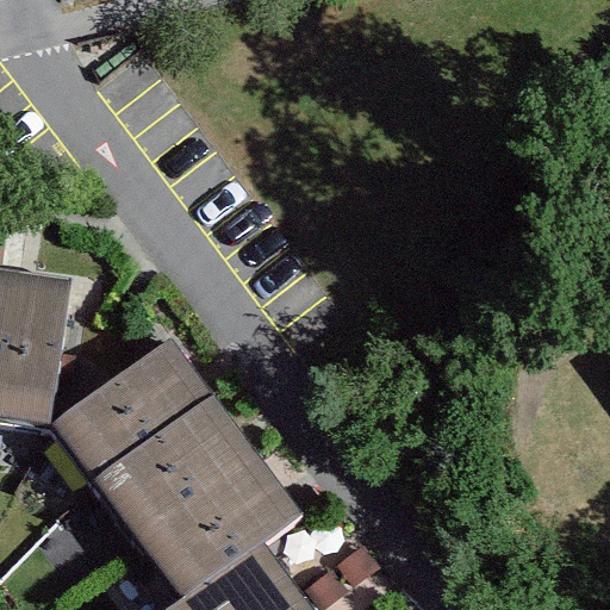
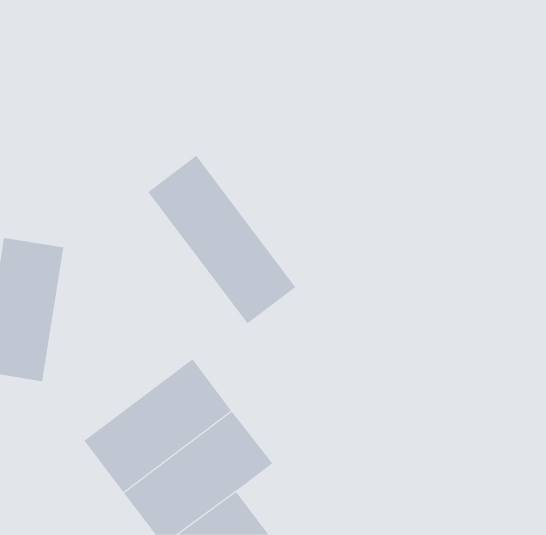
building: none -> [148,155,296,324]
building: [51,344,214,491] -> none

